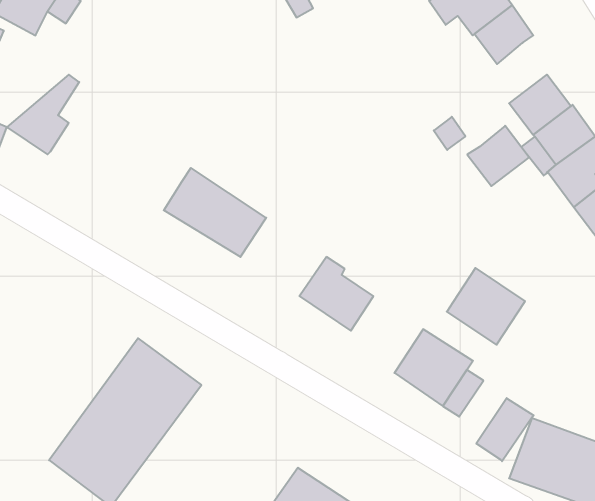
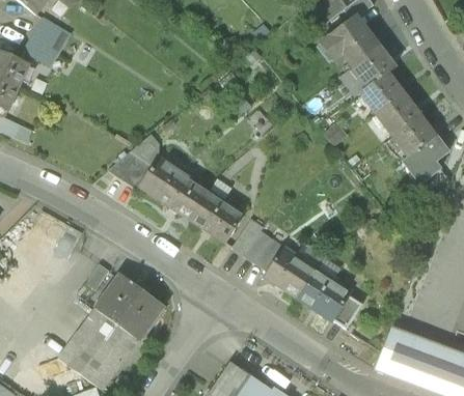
building: [7,75,79,154] -> [108,133,158,188]
building: [467,126,529,186] -> [359,70,402,112]
building: none -> [191,191,244,243]
building: [447,268,525,345] -> [263,245,317,298]
building: [476,398,534,461] -> none

